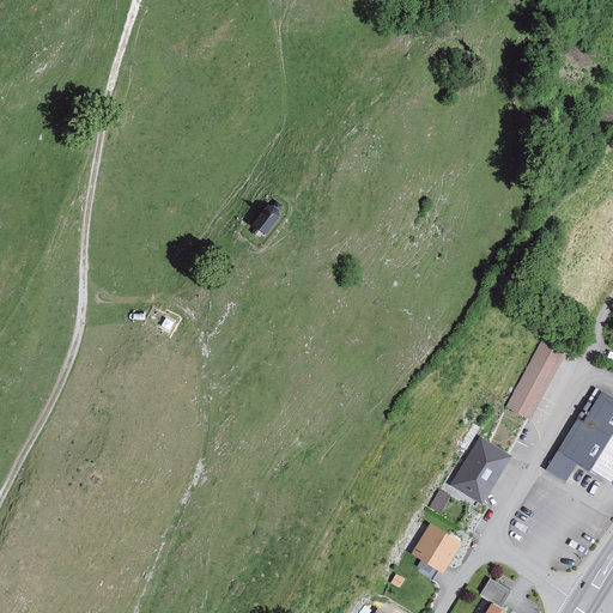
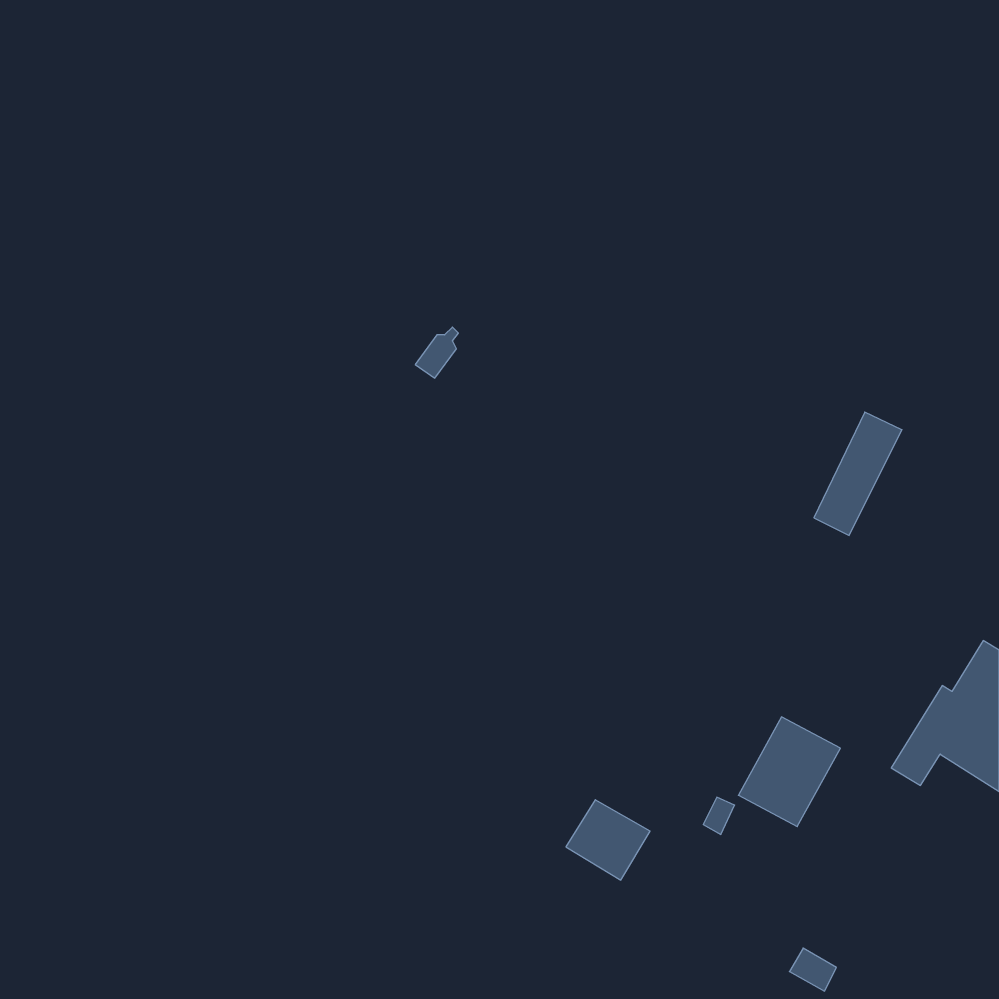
building: [506,342,560,418] -> [814,412,902,535]
building: [413,523,465,572] -> [566,800,650,880]

